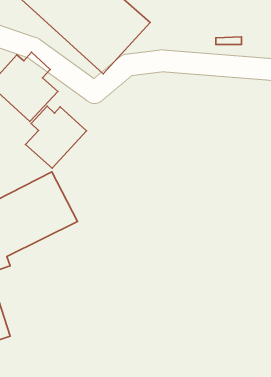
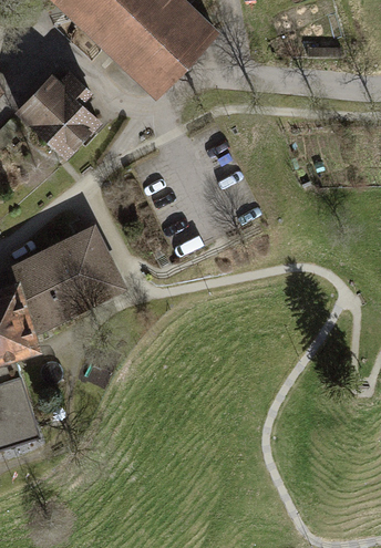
building: [25,106,86,168] -> none

